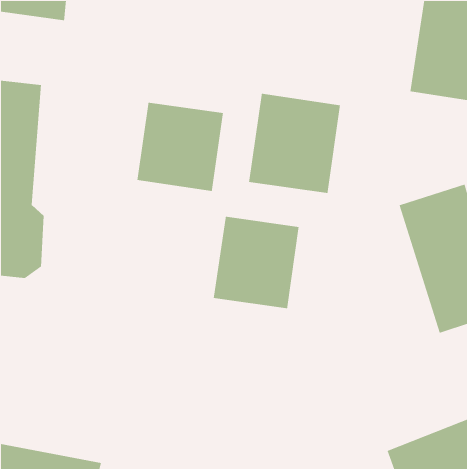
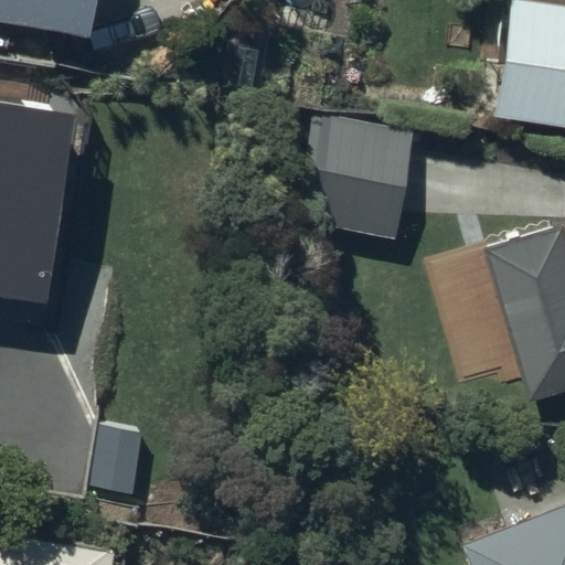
building: [137,102,224,192] -> none
building: [213,216,299,309] -> none

